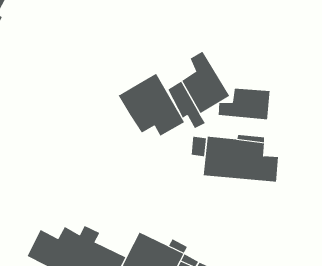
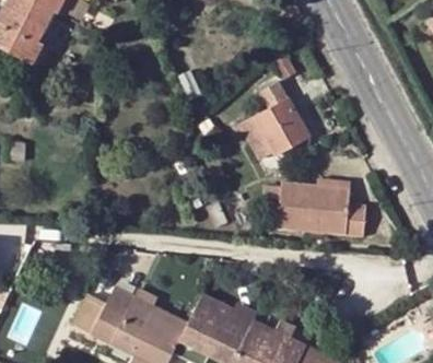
building: [118,73,185,136] -> none
building: [218,88,270,120] -> none

